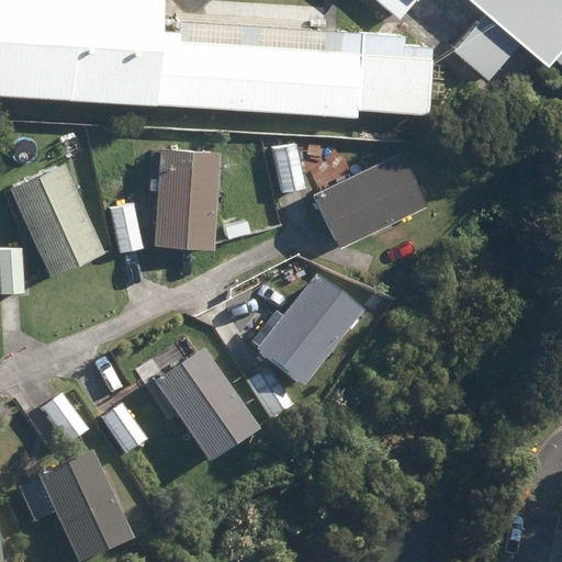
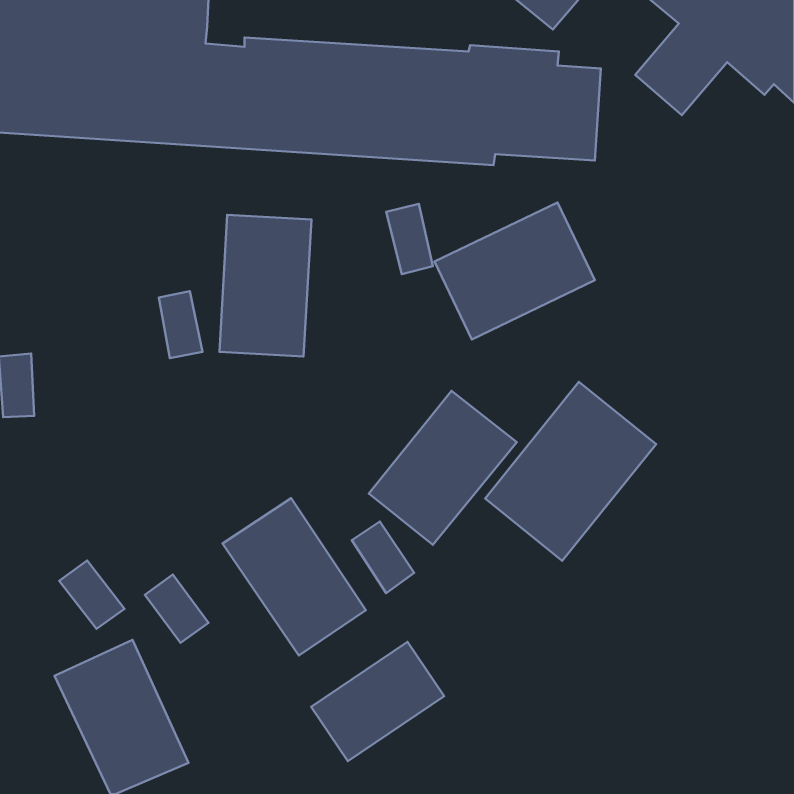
building: [11,165,103,277] -> none
building: none -> [485,382,656,561]
building: none -> [311,642,444,761]

